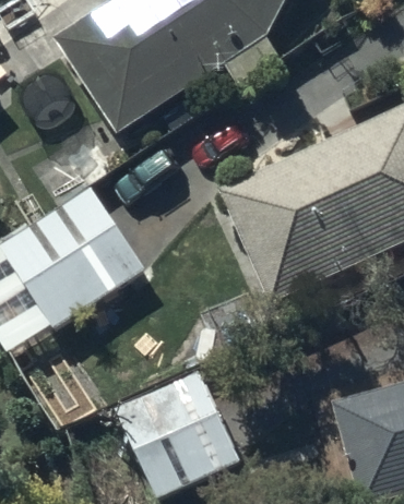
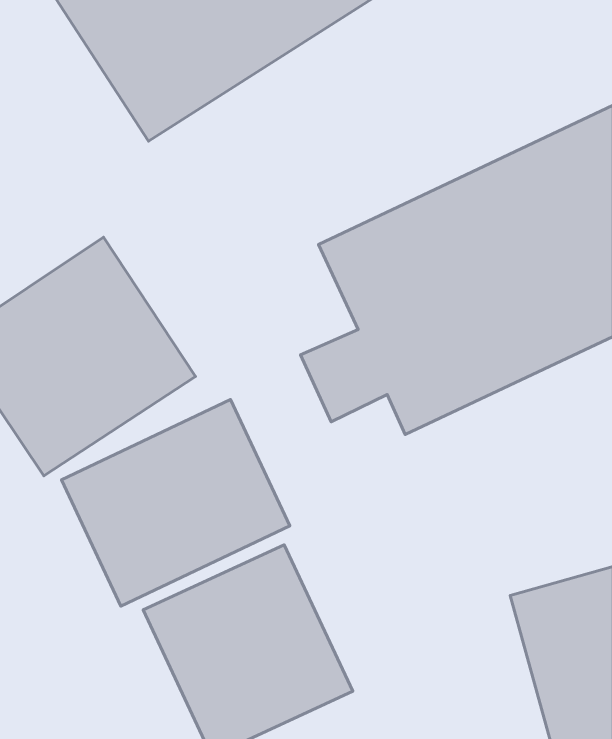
building: none -> [61,399,290,606]

